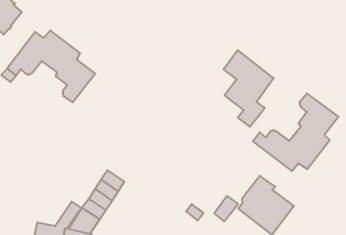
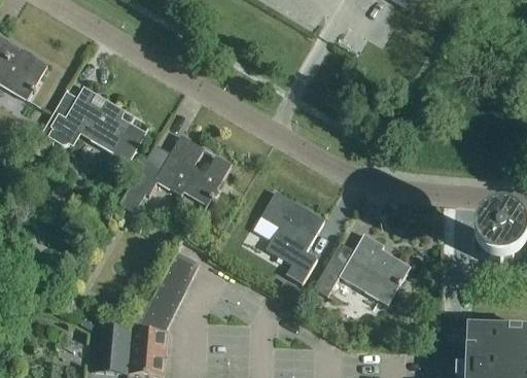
building: [224,50,274,127] -> [261,192,324,284]
building: none -> [124,136,231,210]
building: [253,93,338,171] -> none

